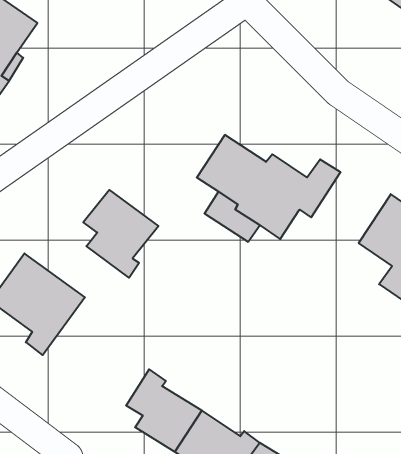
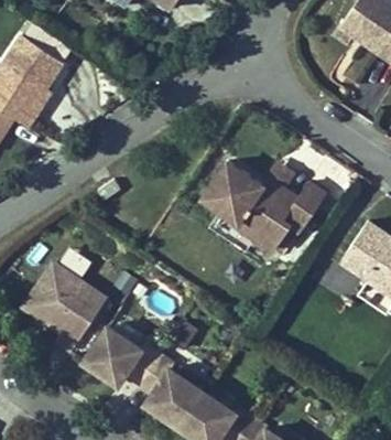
building: [83,190,158,278] -> none
building: none -> [87,335,161,393]

